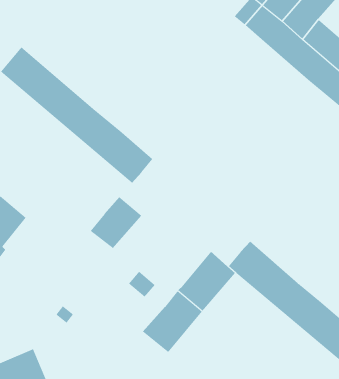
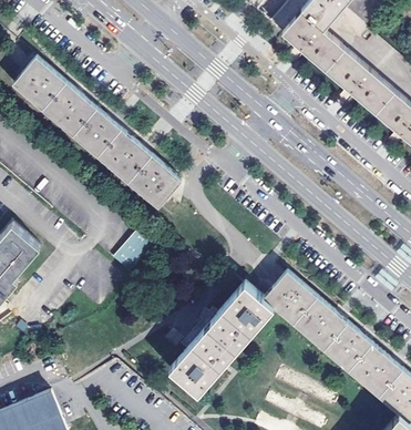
building: [128,271,156,298] -> none

